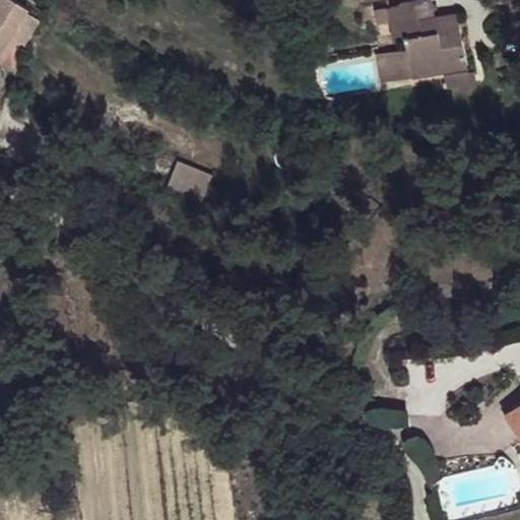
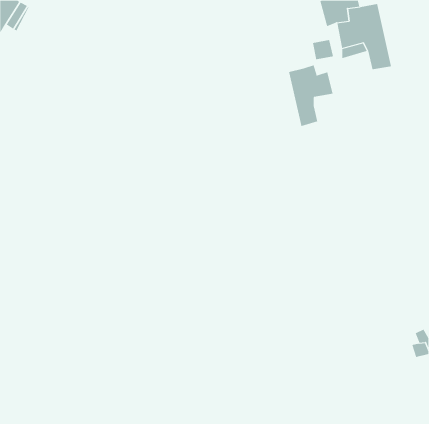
building: none -> [289,64,333,127]
building: [167,168,211,204] -> none

